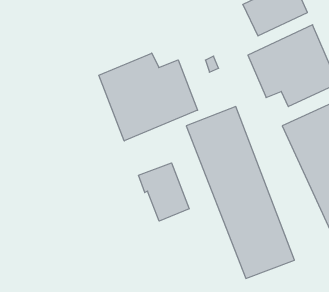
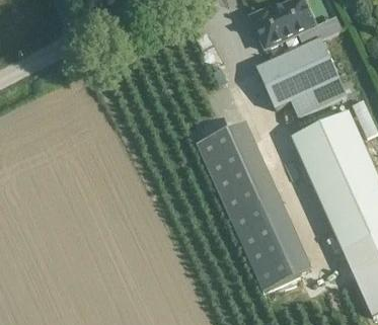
building: [99,53,198,141] -> none
building: [139,163,189,221] -> none

